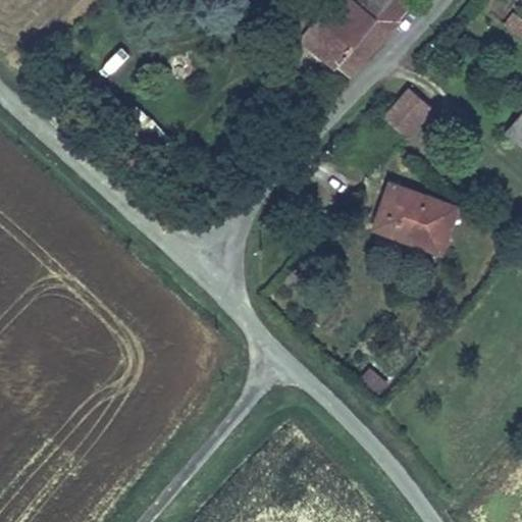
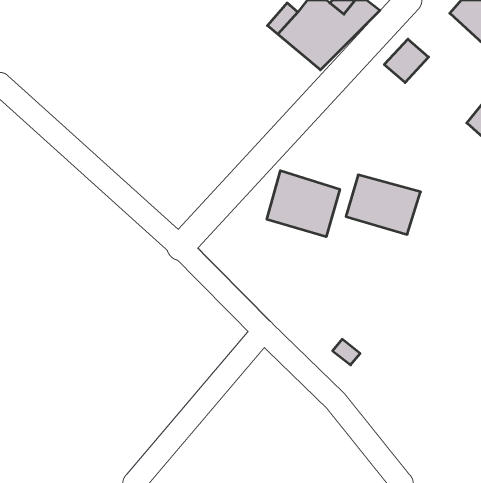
building: [392,92,439,139] -> [384,39,429,83]
building: none -> [267,171,340,237]

